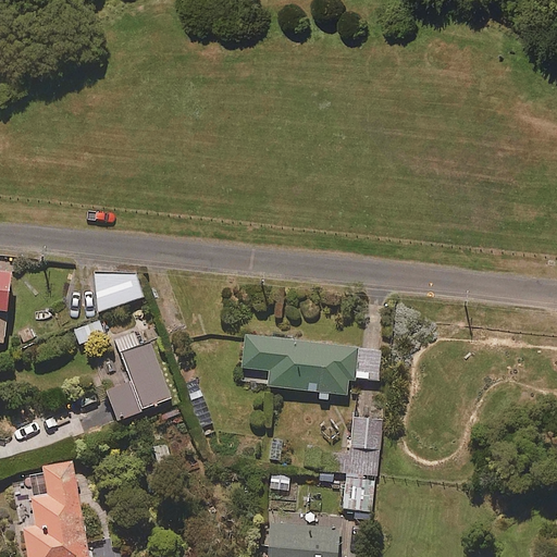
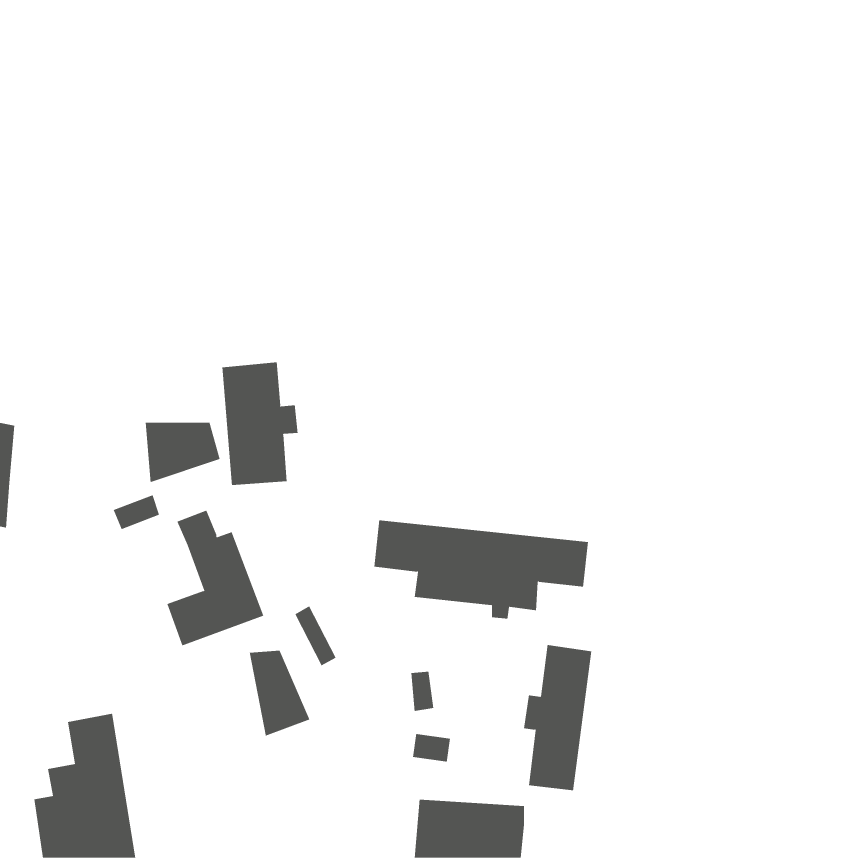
building: none -> [222,362,298,486]
building: none -> [249,650,310,736]

